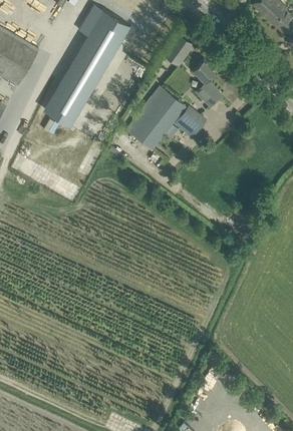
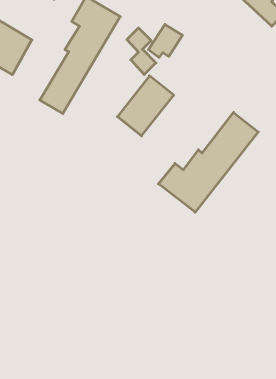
building: [192,59,222,107] -> [127,28,156,75]
building: [175,108,205,137] -> none
building: none -> [158,112,258,212]

